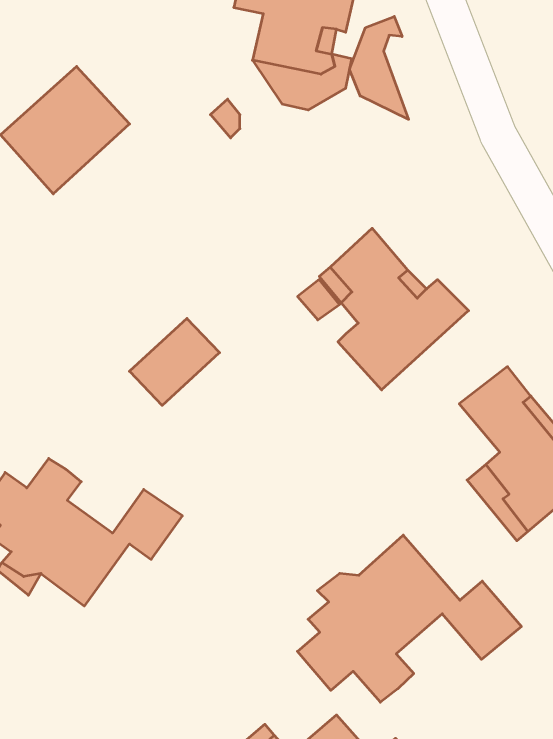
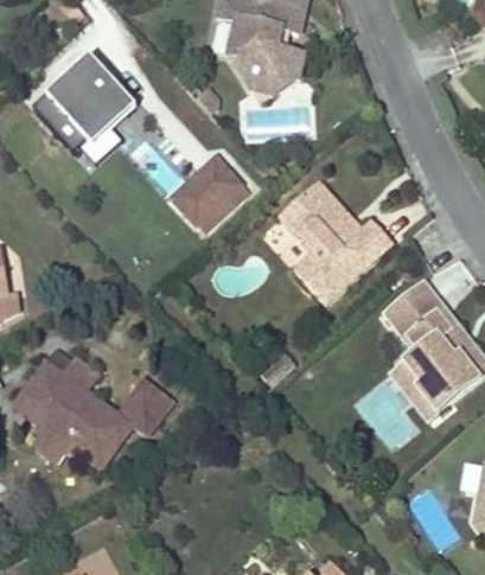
building: [350,16,409,119] -> none
building: [129,318,220,405] -> [177,158,245,224]
building: [297,535,521,702] -> none

